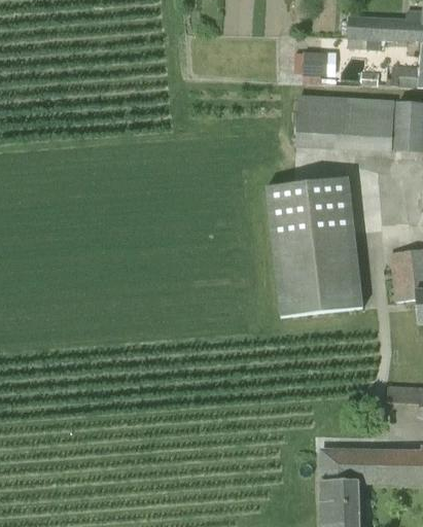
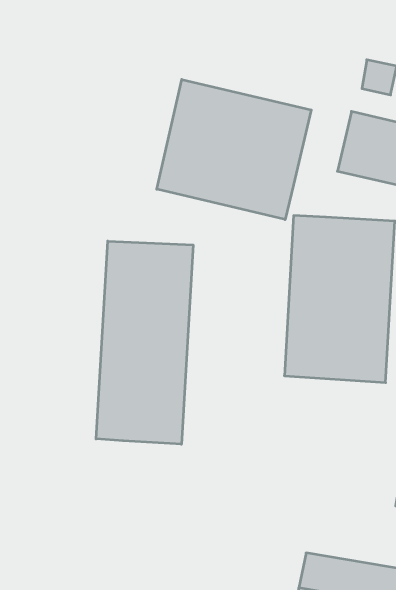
building: none -> [157,79,311,220]
building: none -> [96,241,193,444]

